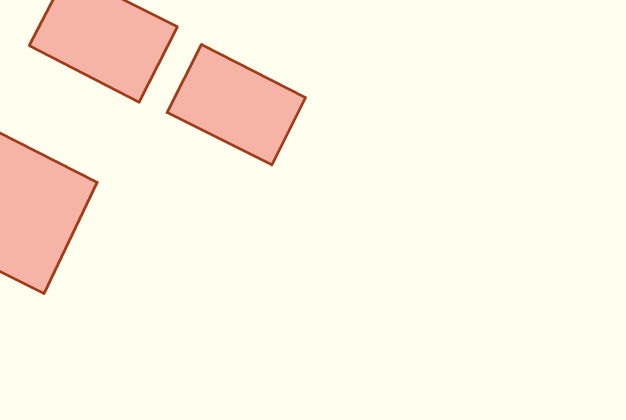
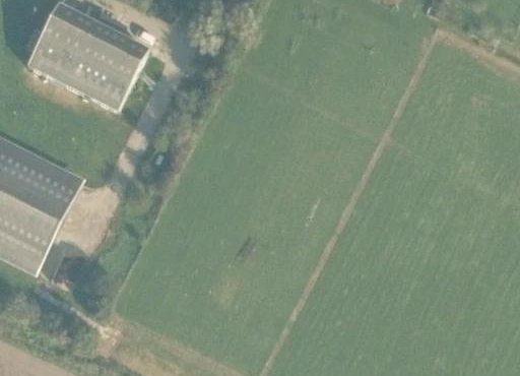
building: [167,44,305,165] -> none

